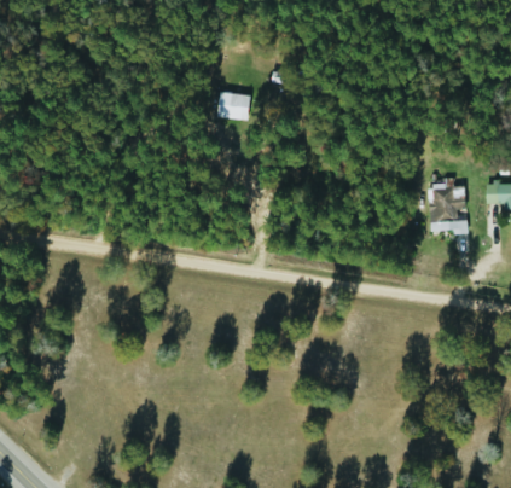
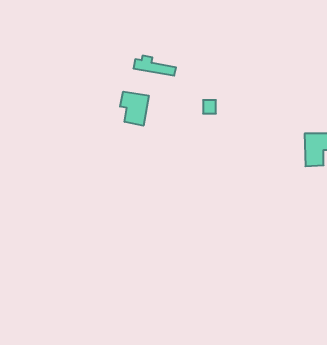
building: none -> [120,92,149,126]

